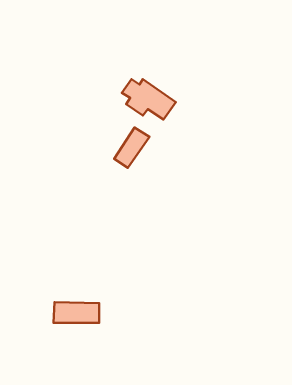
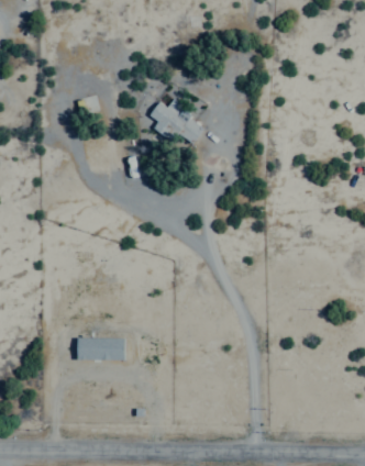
building: [114,128,149,168] -> none

